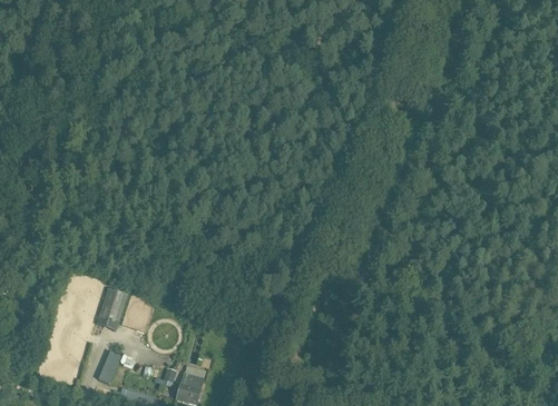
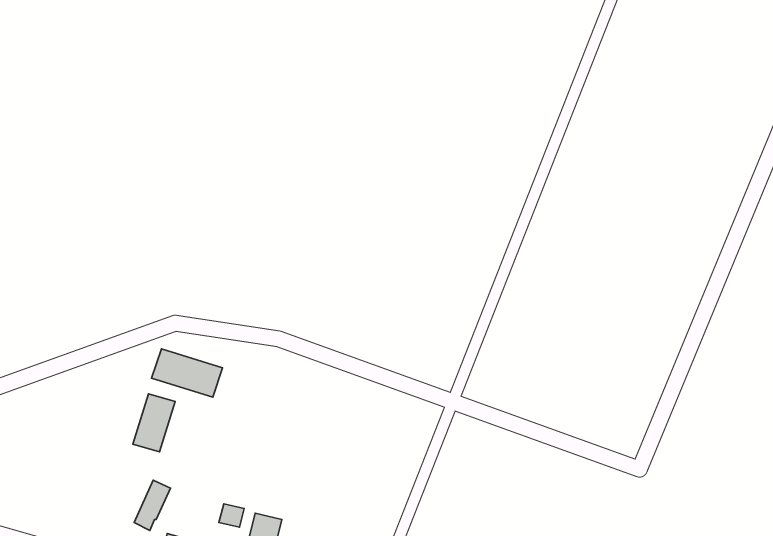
building: none -> [152,349,222,397]

